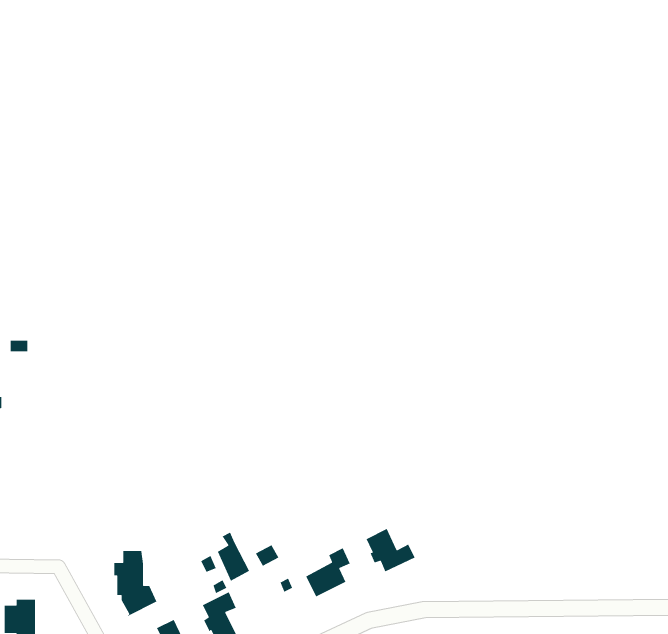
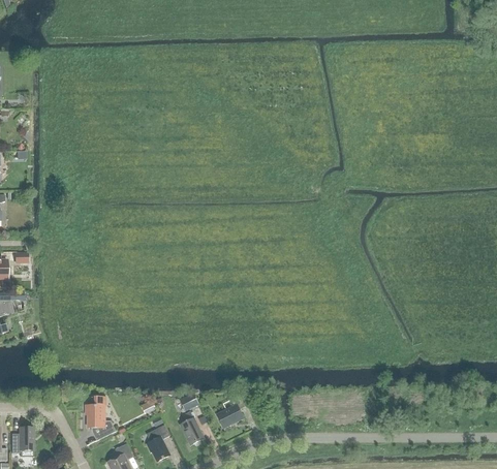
building: [366,528,416,572] -> none
building: [217,532,250,582] -> [181,410,204,444]

